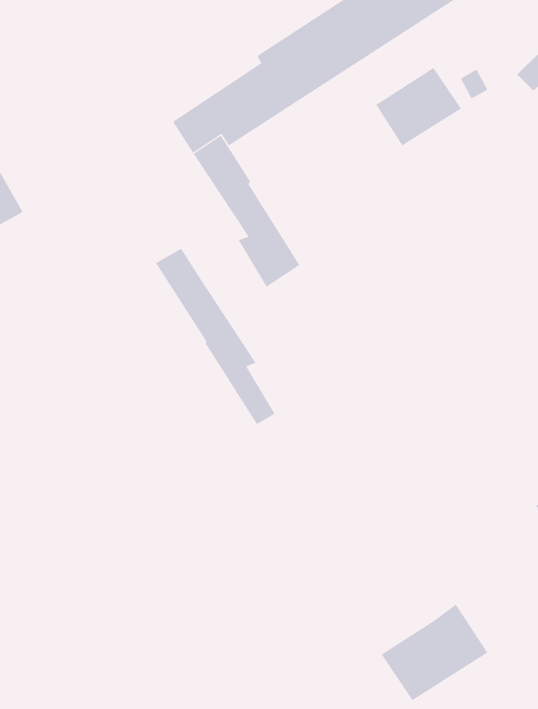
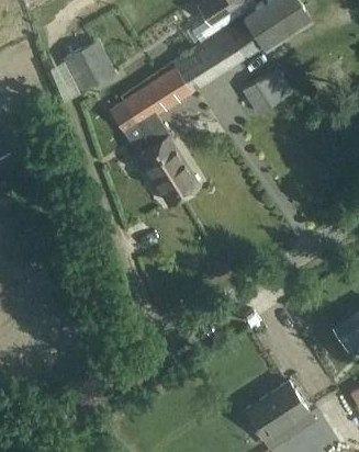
building: none -> [63,41,114,92]
building: [155,248,275,425] -> [109,101,179,204]

